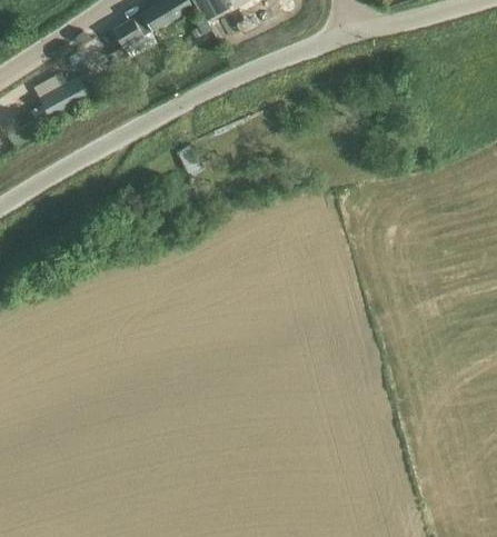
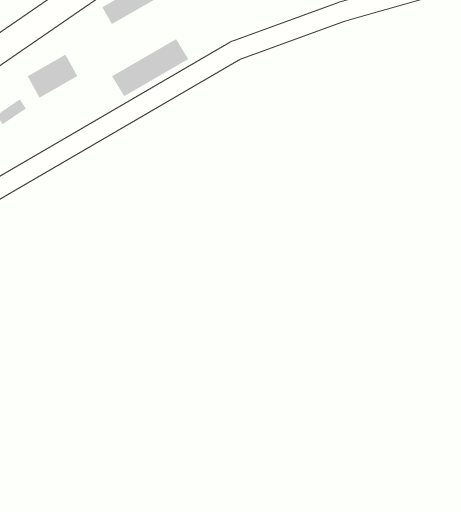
building: none -> [111,38,189,97]

